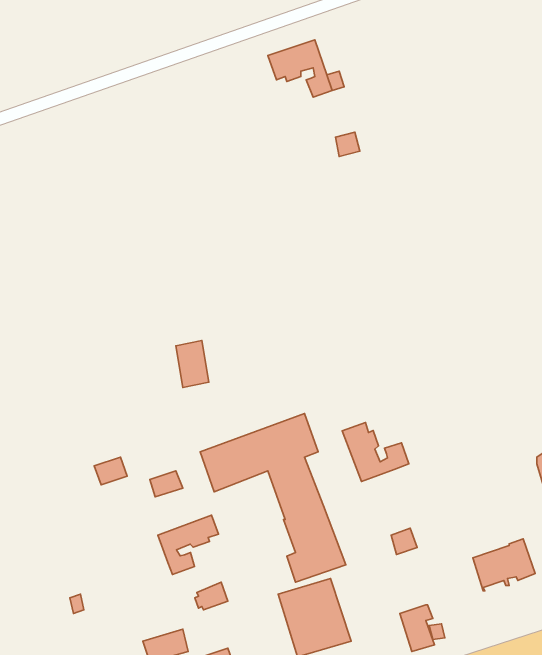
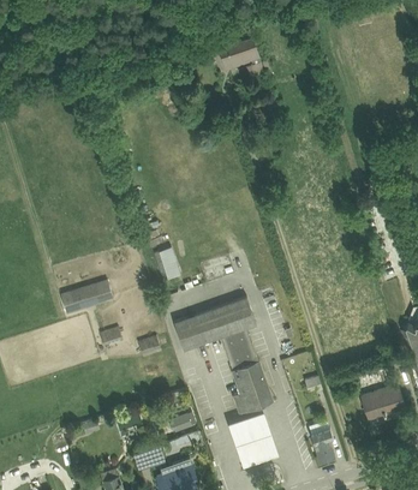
building: none -> [61,280,114,313]
building: [342,423,409,481] -> none
building: [158,515,218,574] -> none

